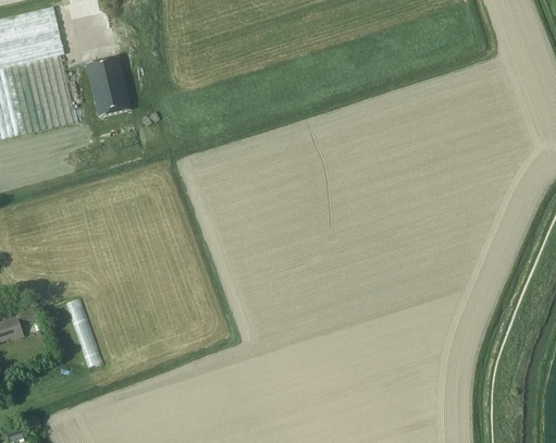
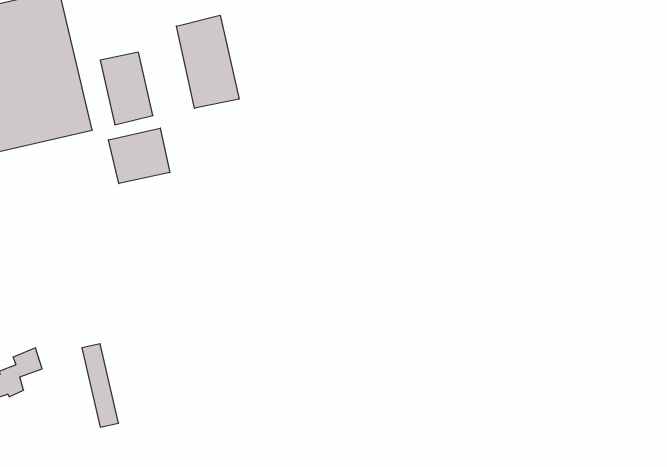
building: none -> [176,15,239,108]
building: none -> [108,128,170,184]

